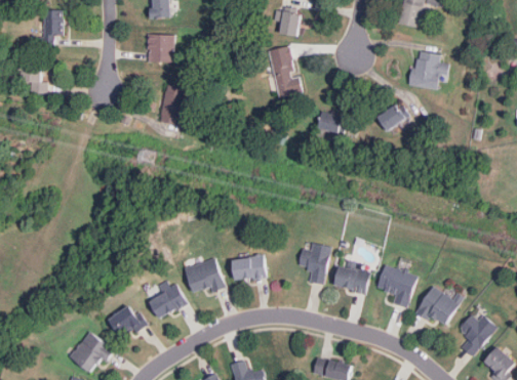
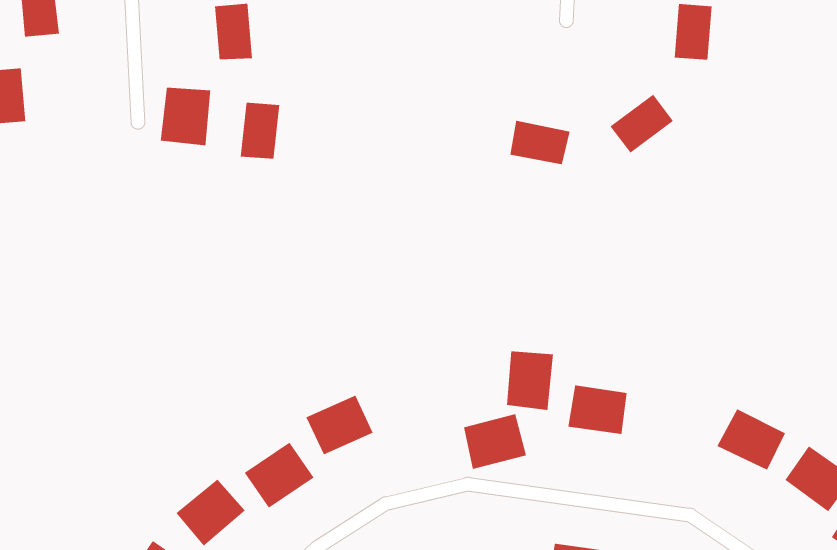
building: [270,52,296,87] -> none
building: none -> [160,87,211,146]
building: [232,253,267,283] -> [463,413,527,469]
building: [377,264,415,299] -> none

